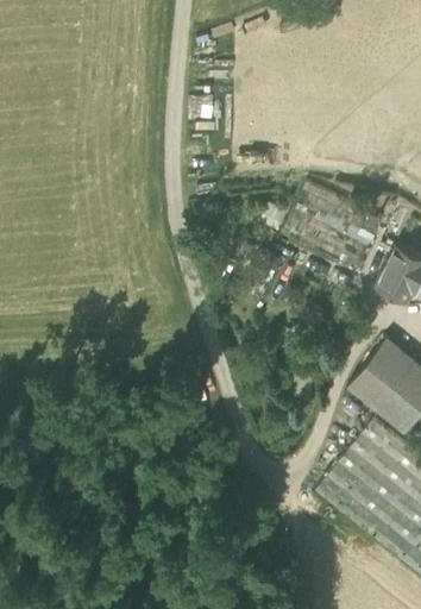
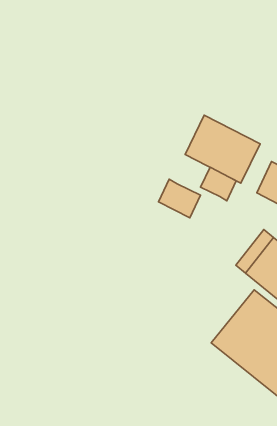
building: none -> [201,167,236,201]
building: none -> [159,179,200,218]

